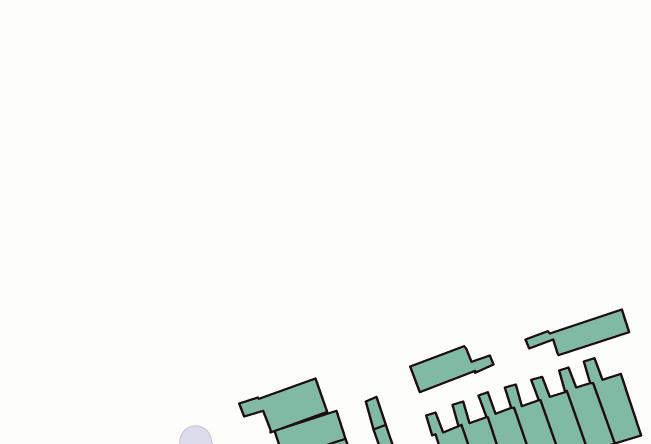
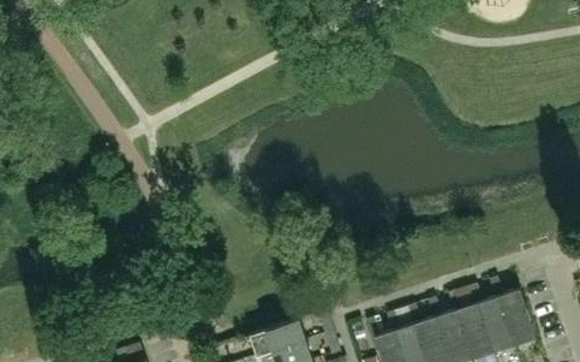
building: [525,309,629,355] -> none
building: [410,346,494,392] -> none
building: [239,378,327,432] -> none

